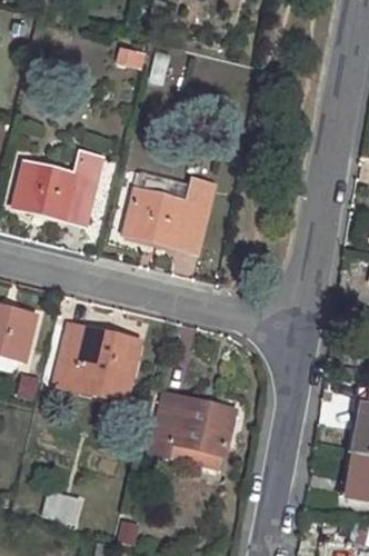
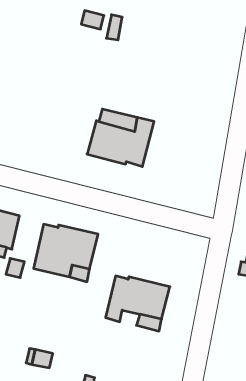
building: [13,156,100,220] -> none

